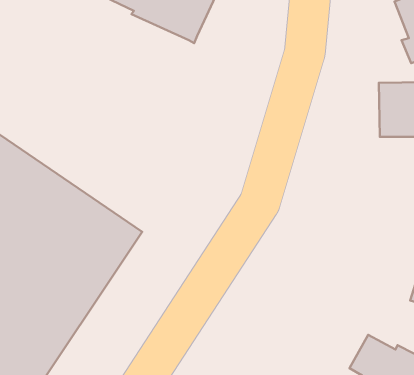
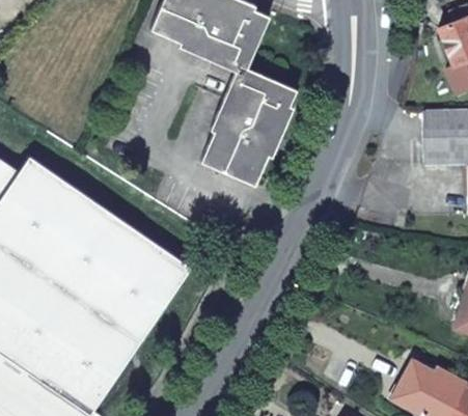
building: none -> [201,67,295,186]

